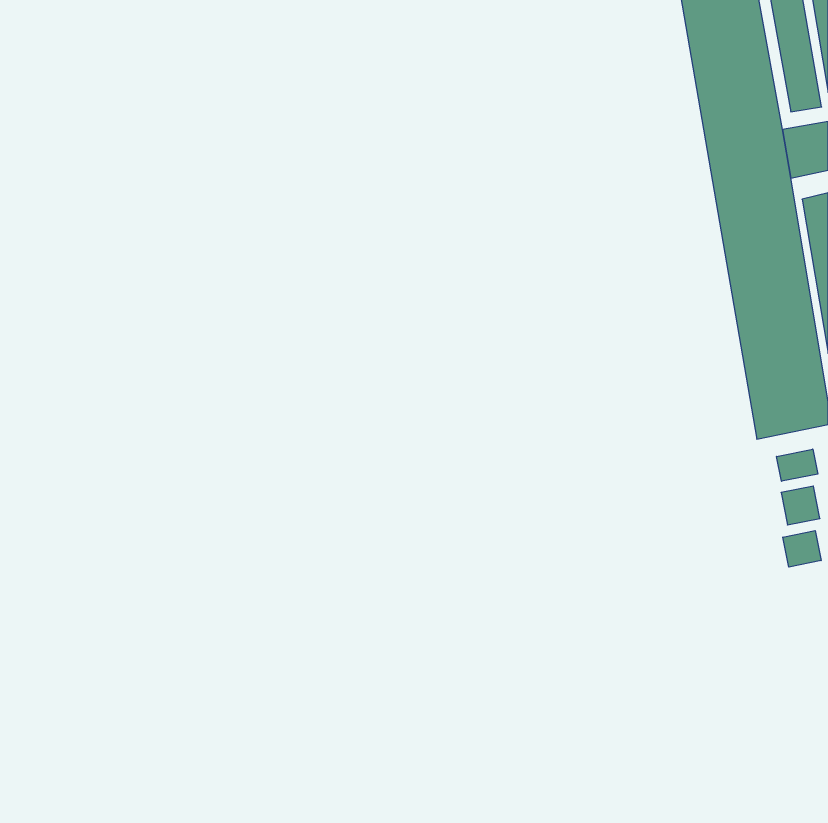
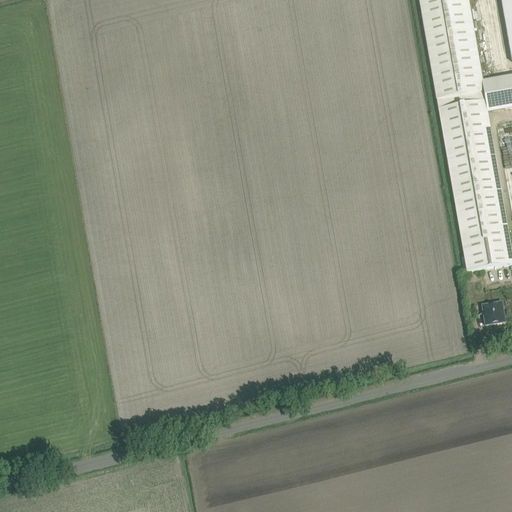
building: [777,449,818,481] -> none
building: [783,531,821,567] -> none

